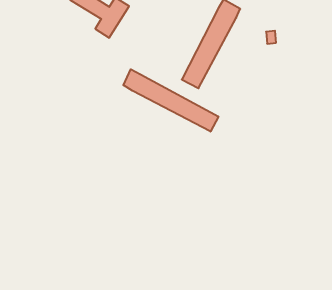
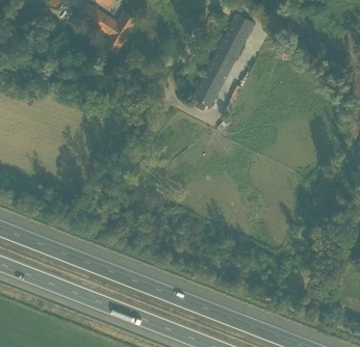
building: [123,69,218,132] -> none

